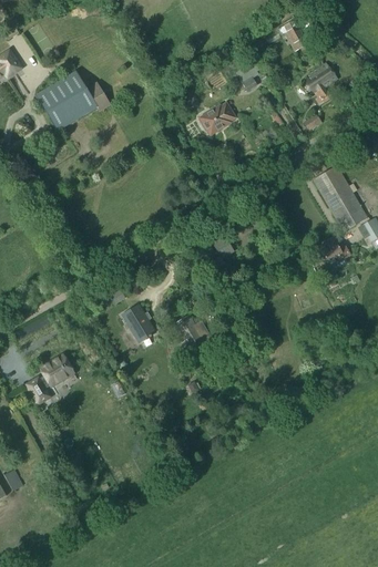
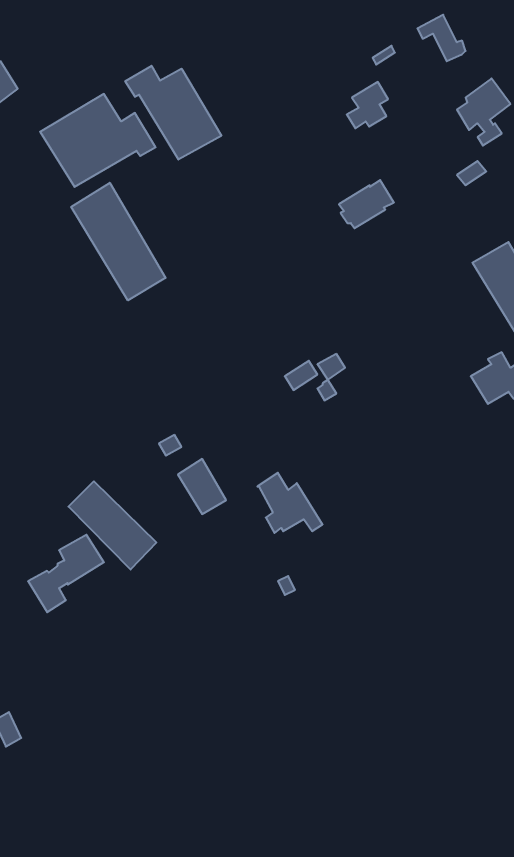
building: none -> [125,66,221,160]
building: [201,103,236,134] -> [339,180,394,228]
building: none -> [71,183,166,300]
building: none -> [68,481,156,570]

